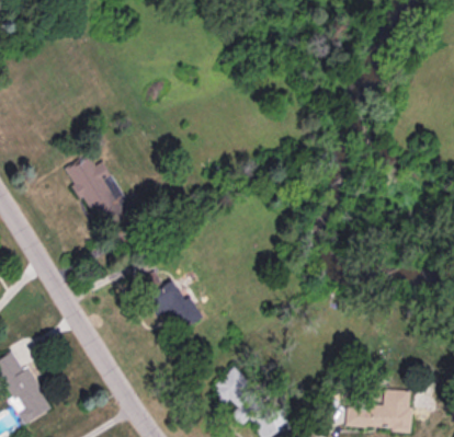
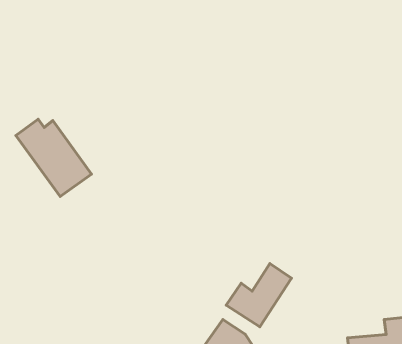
building: [143,279,201,329] -> none
building: none -> [226,264,292,327]

